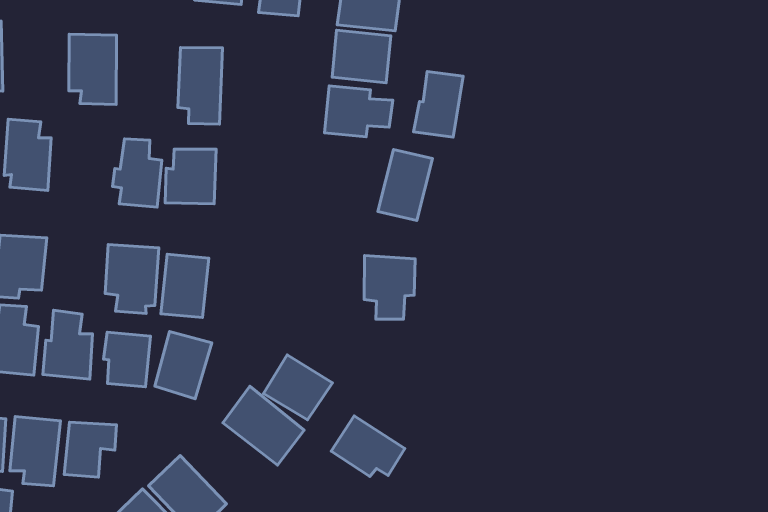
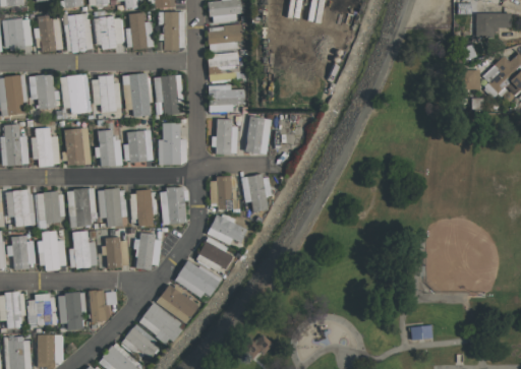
building: none -> [30,74,56,109]
building: none -> [93,75,121,111]
building: none -> [155,75,183,115]
building: [414,71,463,137] -> [214,119,237,153]
building: none -> [63,128,91,164]
building: none -> [159,122,187,164]
building: none -> [66,187,97,228]
building: none -> [211,177,237,208]
building: none -> [161,188,187,224]
building: [331,416,405,477] -> [207,212,247,245]
building: none -> [156,283,199,323]

